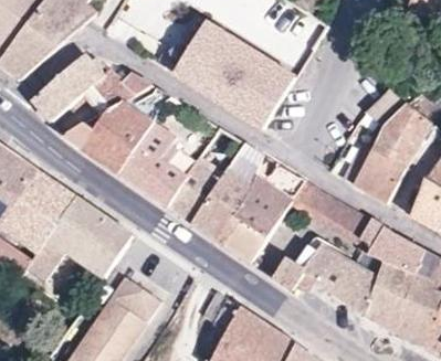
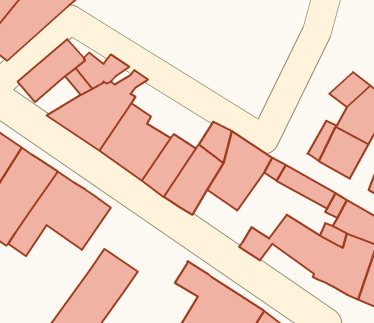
building: [172,22,292,127] -> none
building: [220,215,267,263] -> none

